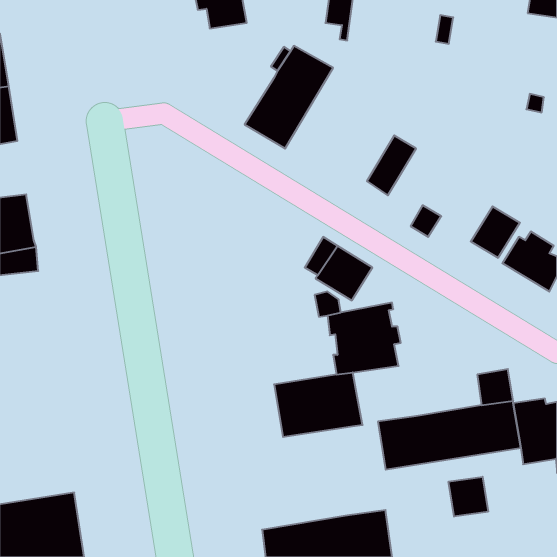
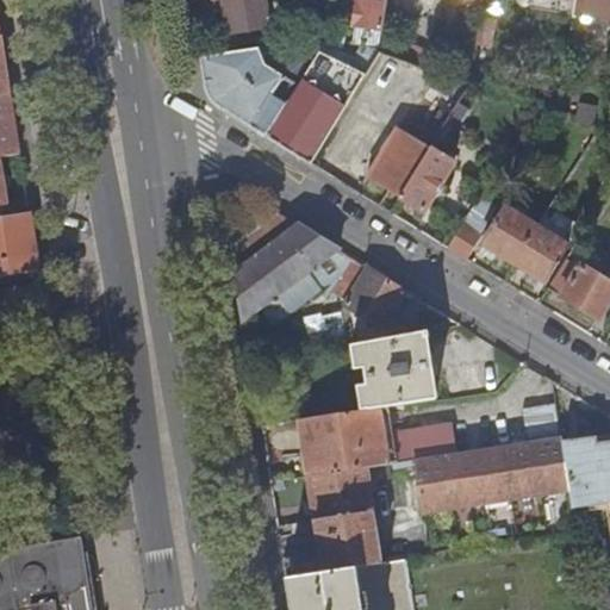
building: none -> [201,48,299,136]
building: none -> [366,126,430,198]
building: none -> [484,205,537,263]
building: none -> [232,216,338,319]
building: none -> [390,423,454,463]
building: none -> [282,465,390,578]
building: [449,477,488,517] -> none

